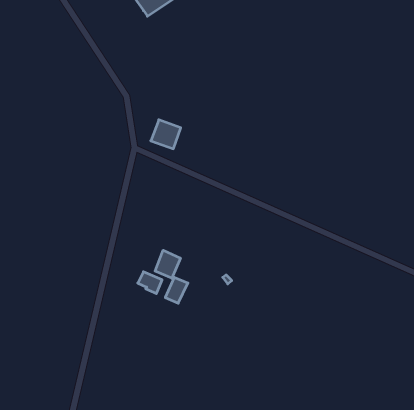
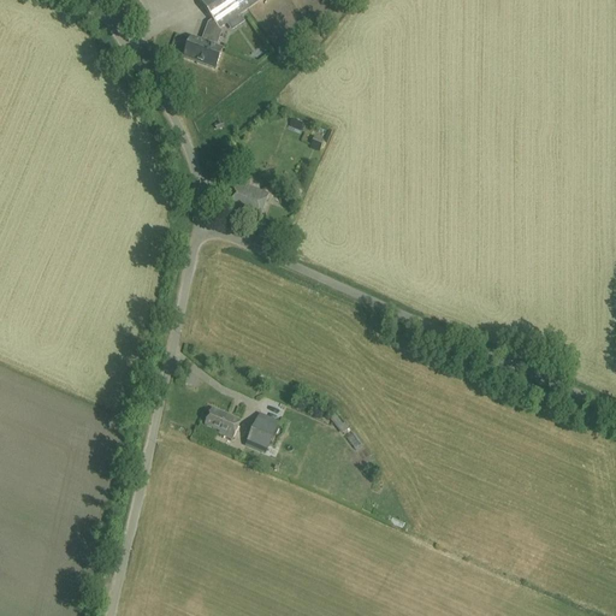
building: none -> [184,34,224,65]
building: [155,250,180,278] -> none

